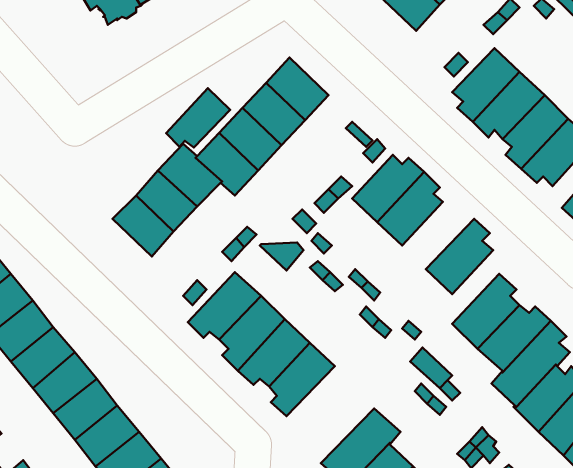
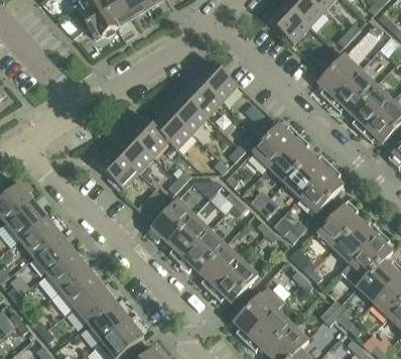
building: [166,88,230,148] -> none
building: none -> [284,153,330,197]
building: none -> [210,259,257,303]

